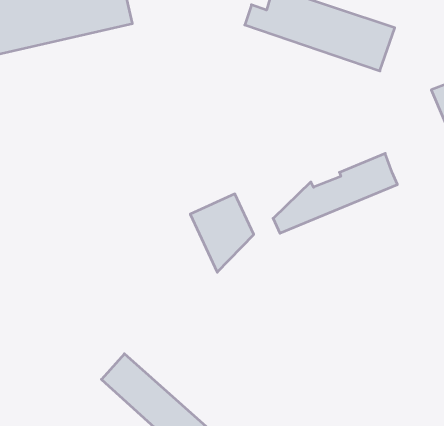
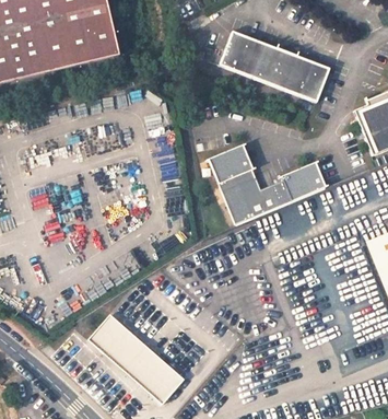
building: [190,194,254,272] -> [207,149,258,212]

